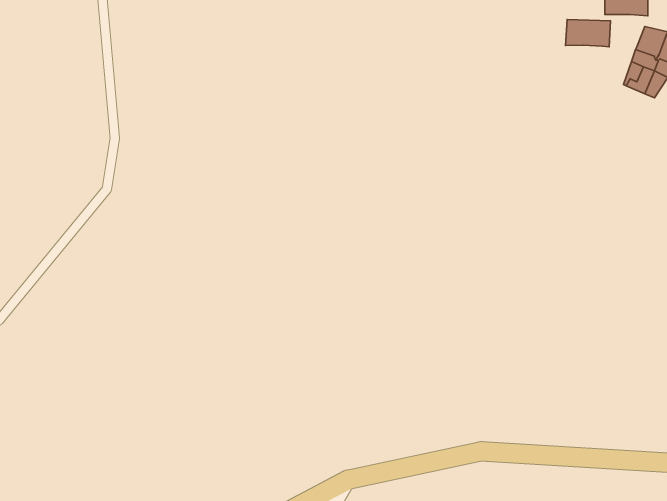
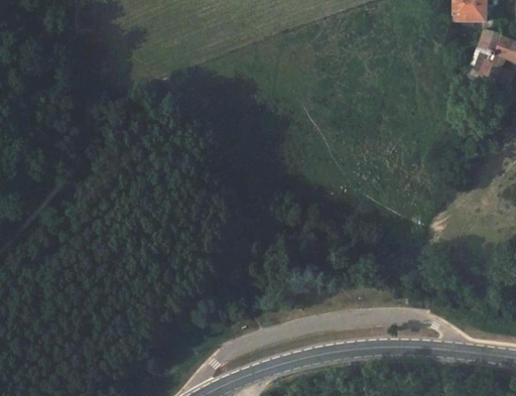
building: [566,20,611,47] -> none

